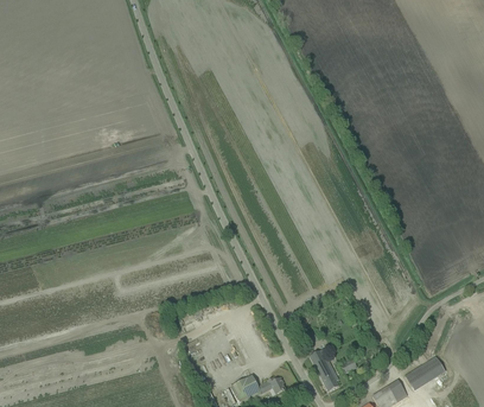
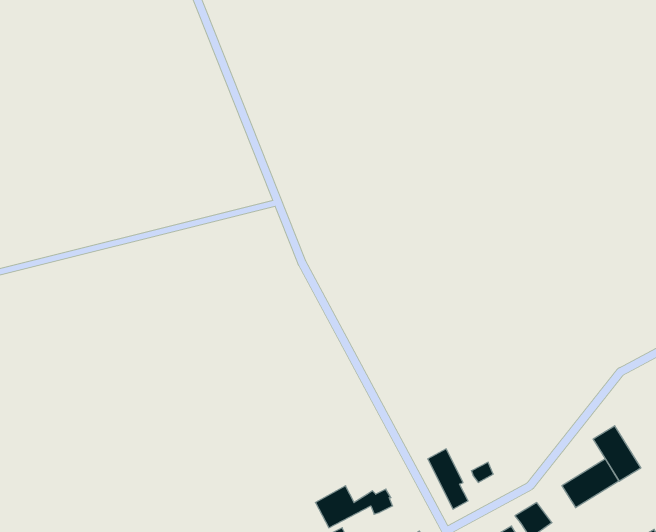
building: none -> [593,426,641,481]

